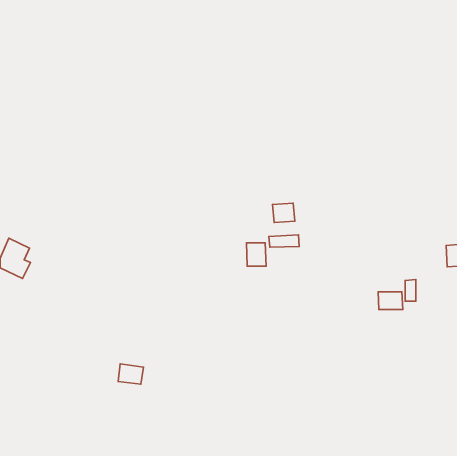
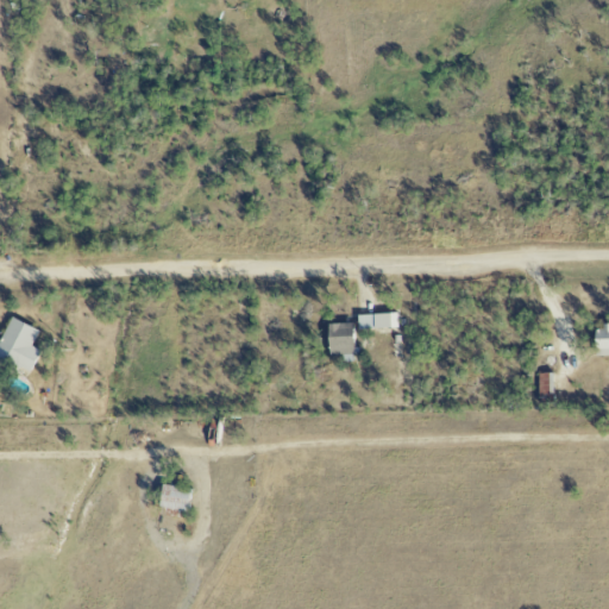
building: [272,203,295,223] -> none
building: [378,292,403,309] -> none

